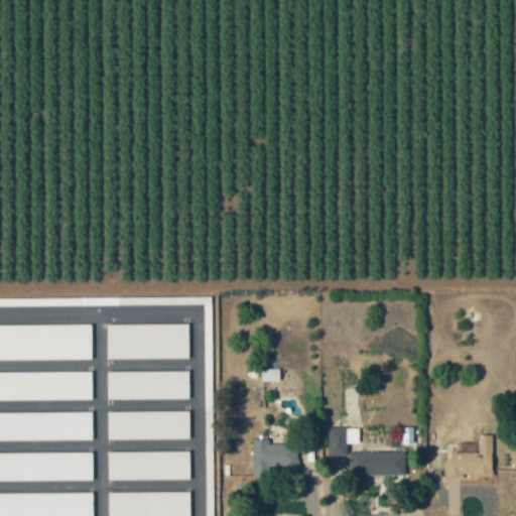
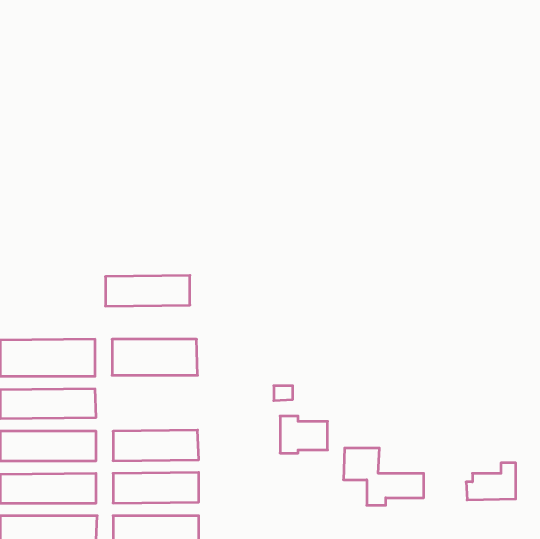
building: [108,371,188,400] -> [105,275,190,306]
building: [252,440,297,476] -> [280,416,328,453]

